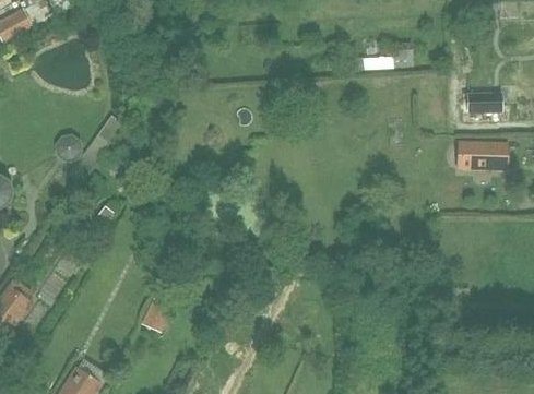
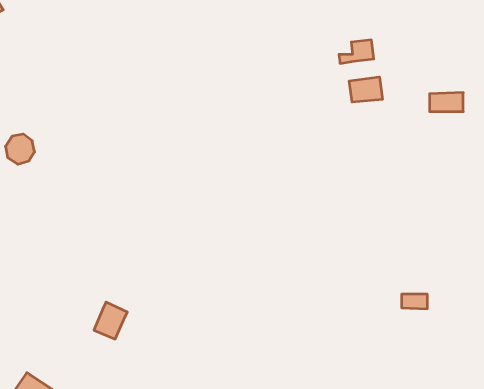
building: none -> [349,77,382,102]
building: [460,144,505,168] -> none

